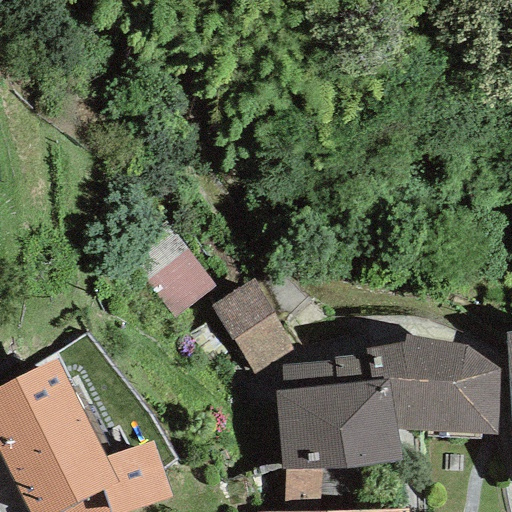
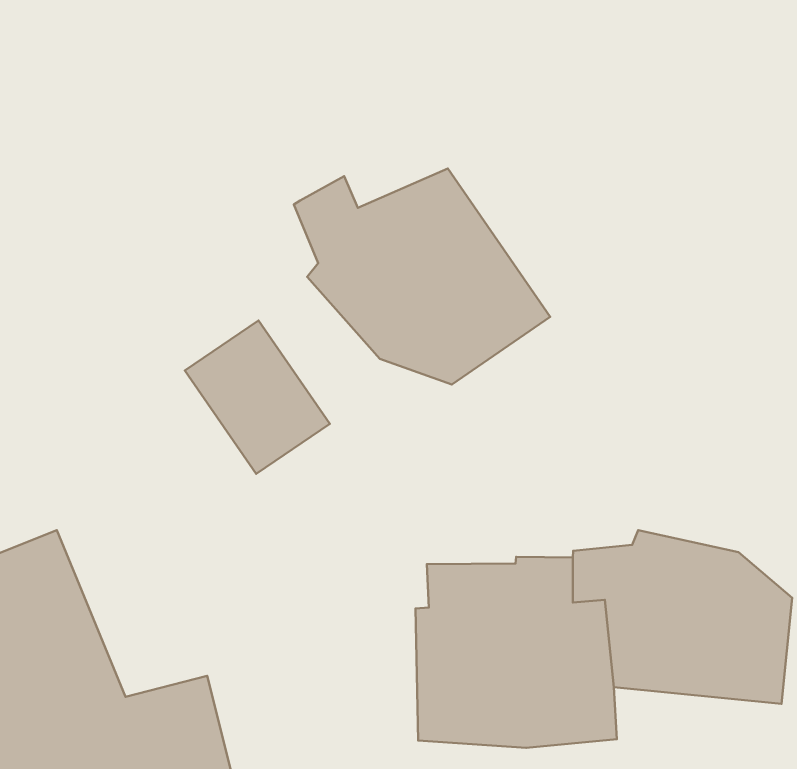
building: none -> [294,169,550,385]
building: [210,279,297,375] -> none

